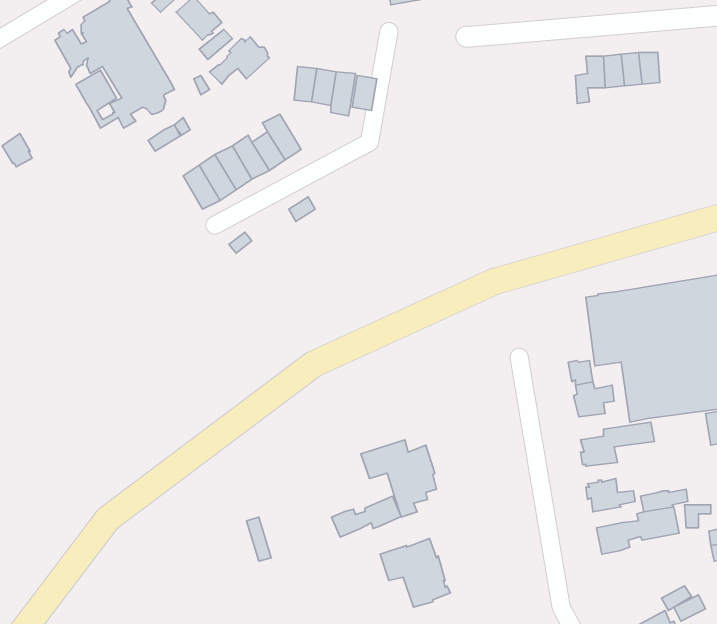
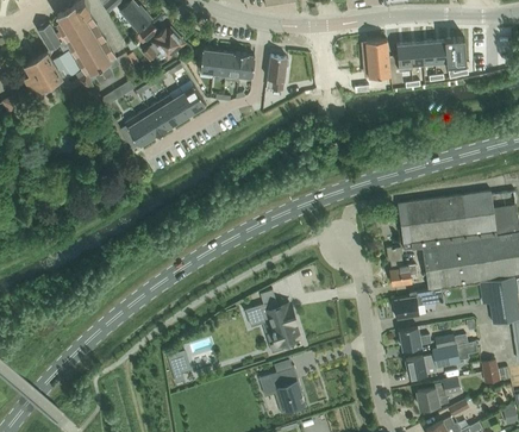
building: none -> [446,37,468,65]
building: none -> [365,39,390,77]
building: none -> [24,52,62,94]
building: none -> [265,56,289,92]
building: [332,496,401,537] -> none
building: none -> [417,377,462,409]

